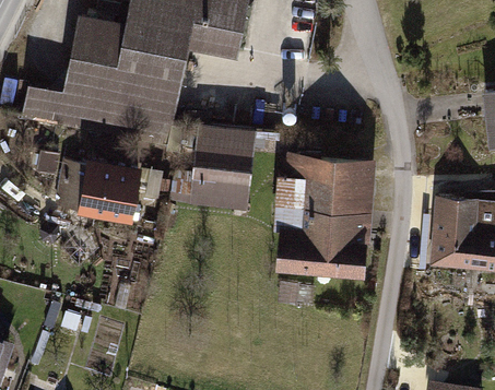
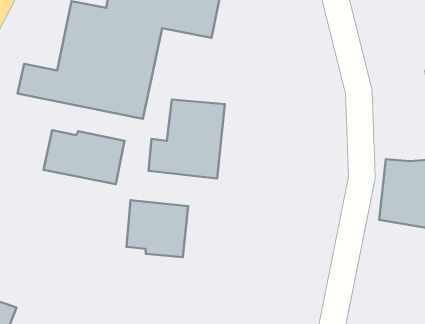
building: [274,153,379,277] -> none
building: none -> [126,200,188,257]

